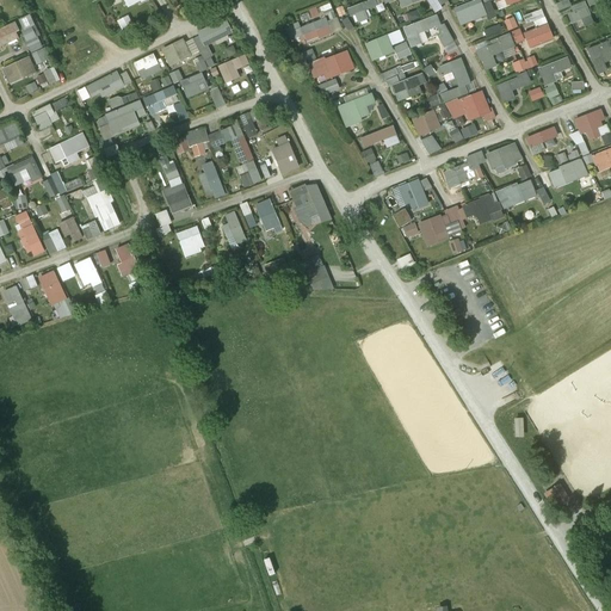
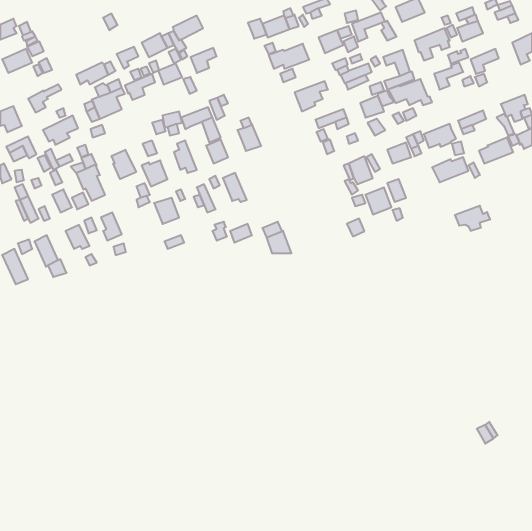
building: none -> [112,150,136,179]
building: [290,184,332,227] -> none
building: [462,195,502,223] -> [455,206,490,231]

